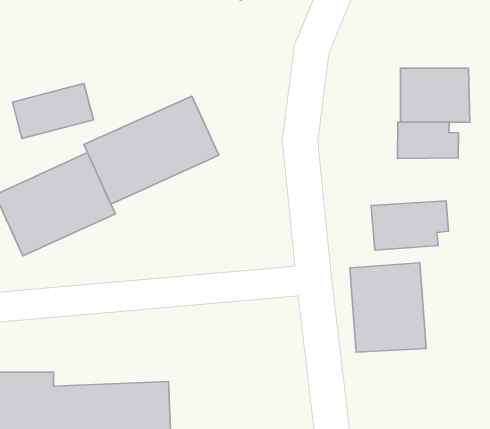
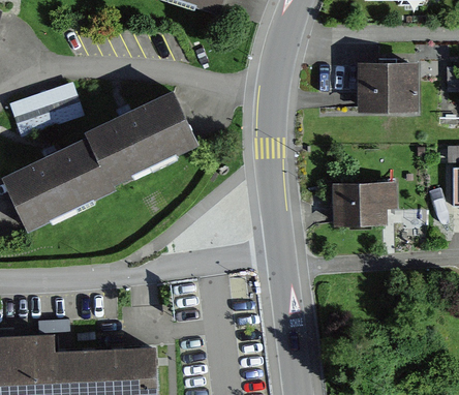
building: [398,122,458,158] -> none
building: [350,263,426,352] -> none

